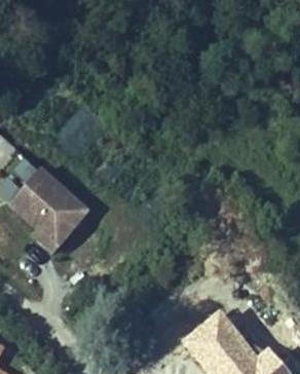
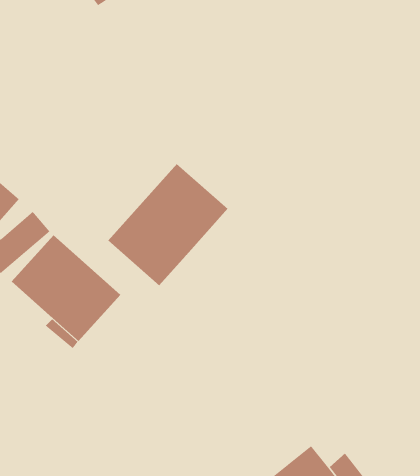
building: none -> [108,163,229,286]

